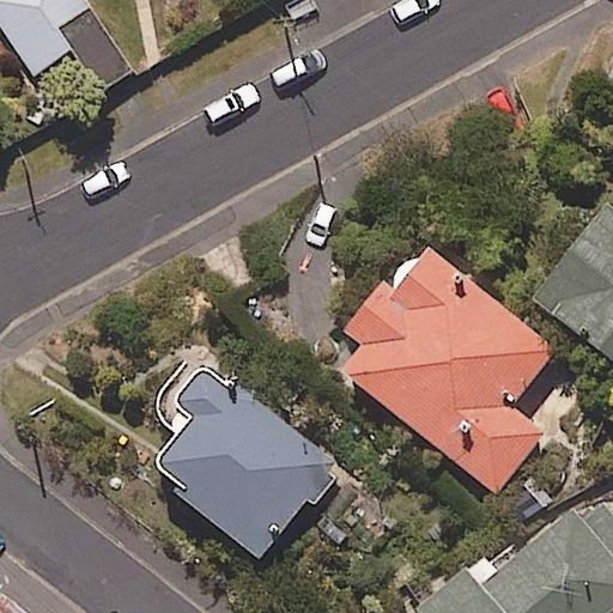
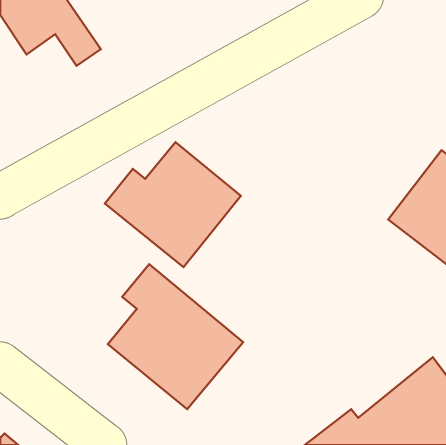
building: none -> [105,142,241,267]
building: [341,248,554,497] -> none

